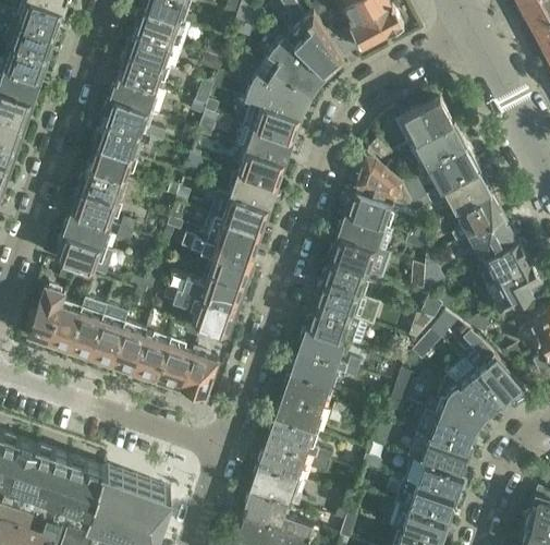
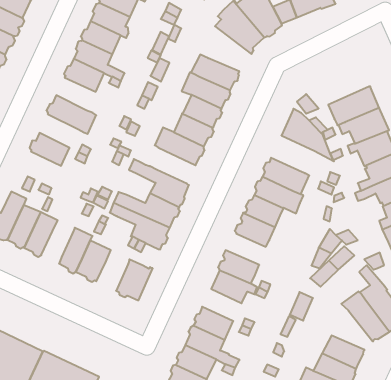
building: [244,68,311,118] -> none
building: [394,97,453,146] -> none
building: [88,145,134,181] -> none
building: [73,190,118,227] -> none
building: [346,190,393,229] -> none
building: [200,214,260,255] -> none
building: [57,235,113,275] -> none
building: [304,307,367,347] -> none
building: [89,313,125,365] -> none
building: [157,341,193,388] -> none
building: [283,375,329,410] -> none
building: [438,377,487,428] -> none

